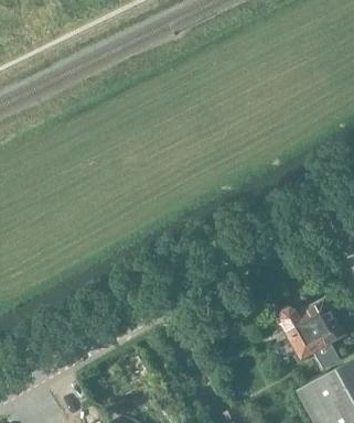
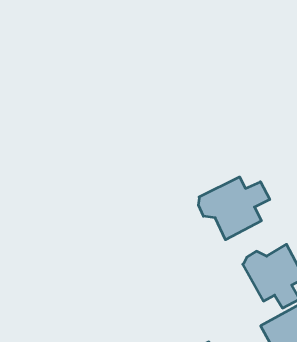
building: none -> [198,177,270,240]

